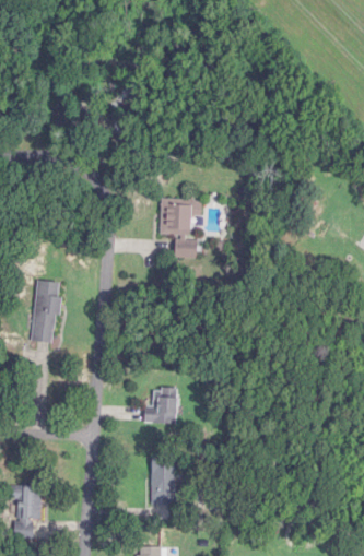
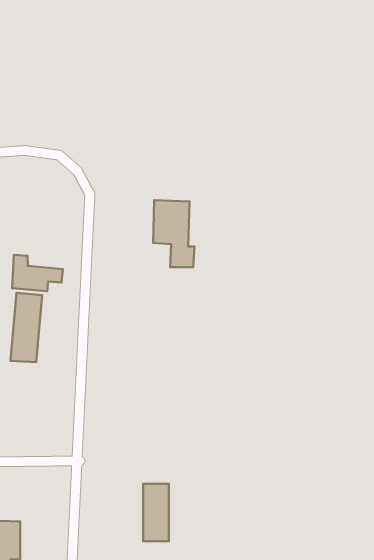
building: none -> [12,255,63,291]
building: [144,388,177,423] -> none

